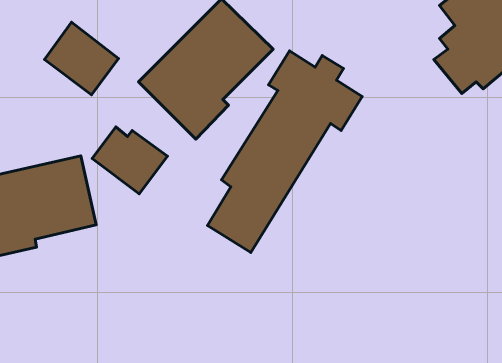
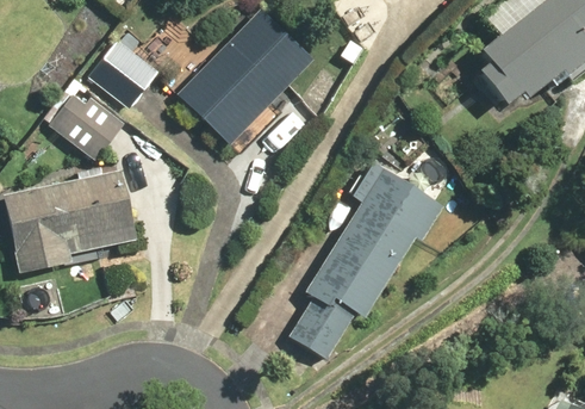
building: [207,51,362,252] -> [290,160,447,365]
building: [92,127,167,194] -> [49,93,125,161]

